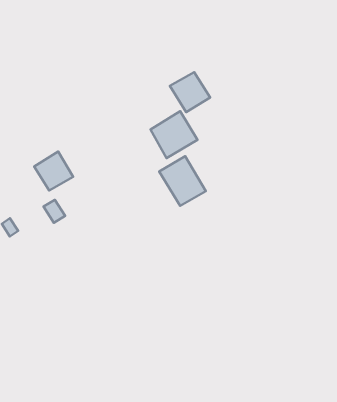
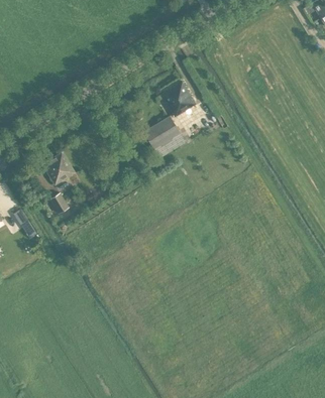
building: [159,156,206,206] -> none

